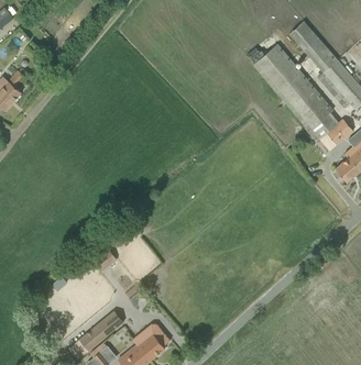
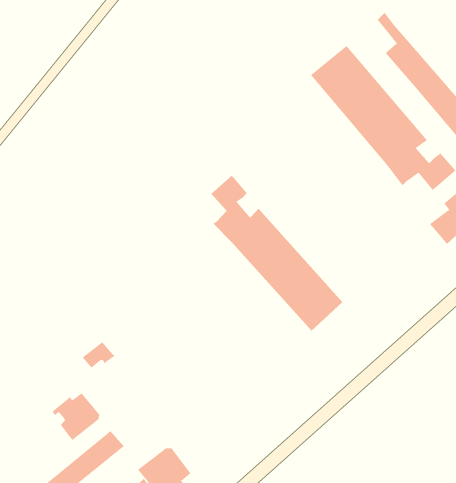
building: none -> [210,175,343,331]
building: none -> [52,393,100,441]

